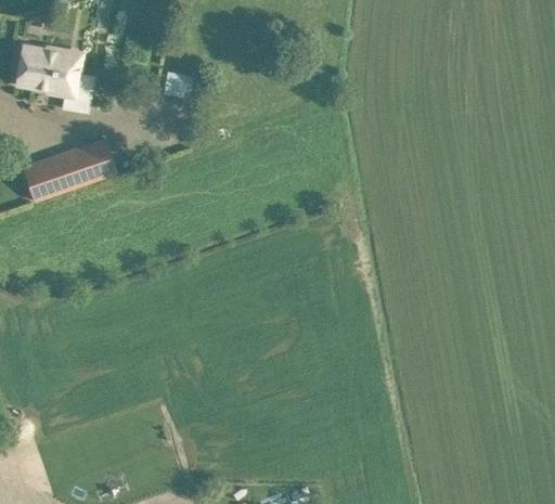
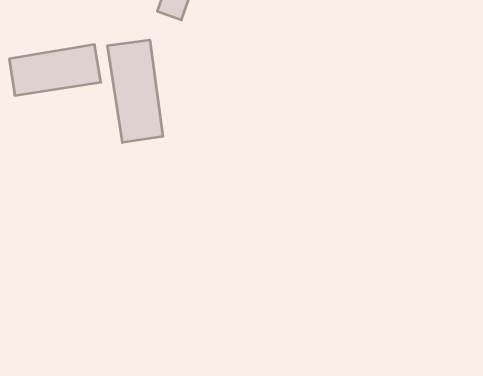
building: none -> [108,40,163,143]

